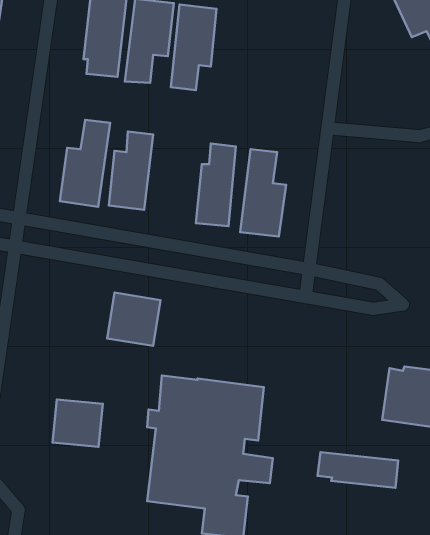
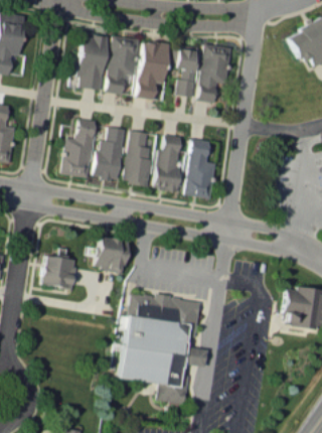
building: none -> [197,44,231,103]
building: none -> [171,45,198,97]
building: none -> [123,130,153,186]
building: [53,400,103,447] -> [41,256,75,288]
building: [317,452,398,488] -> none

